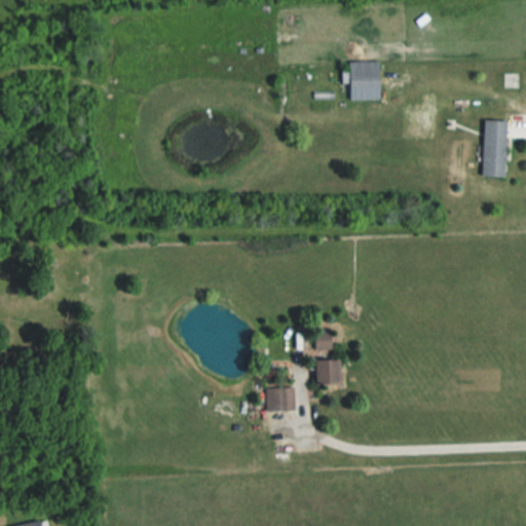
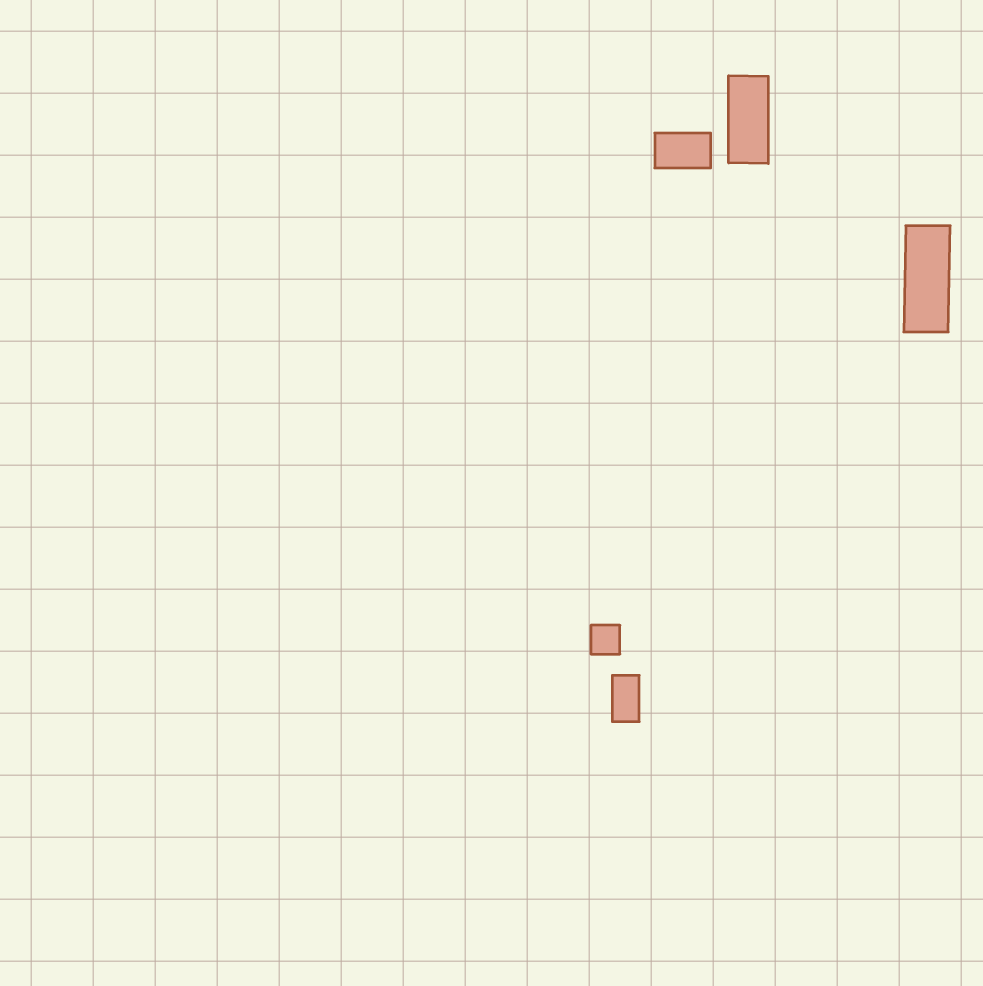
building: none -> [729,76,768,164]
building: [267,387,295,411] -> none

